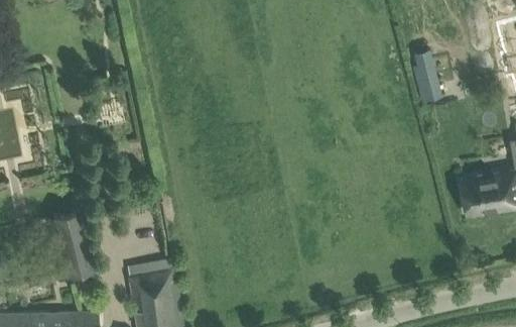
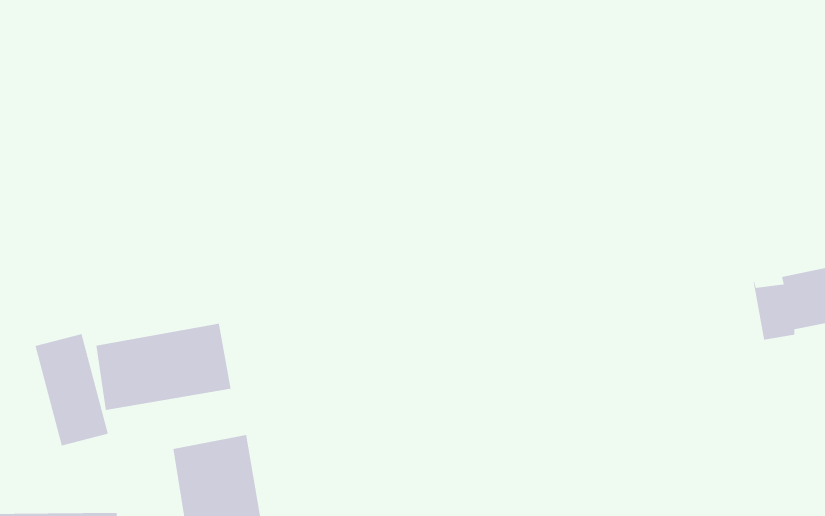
building: [411,51,442,102] -> none
building: none -> [95,323,232,411]

